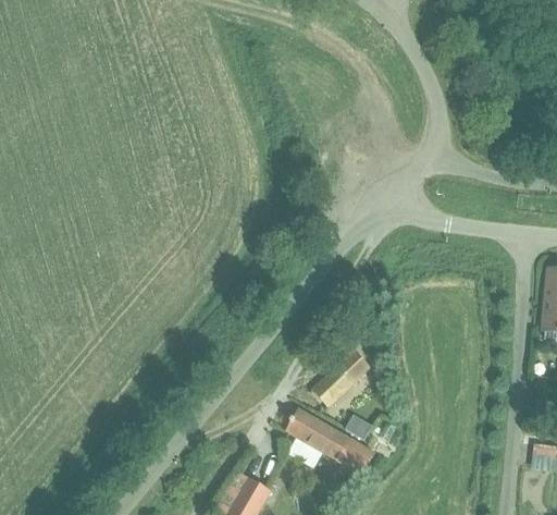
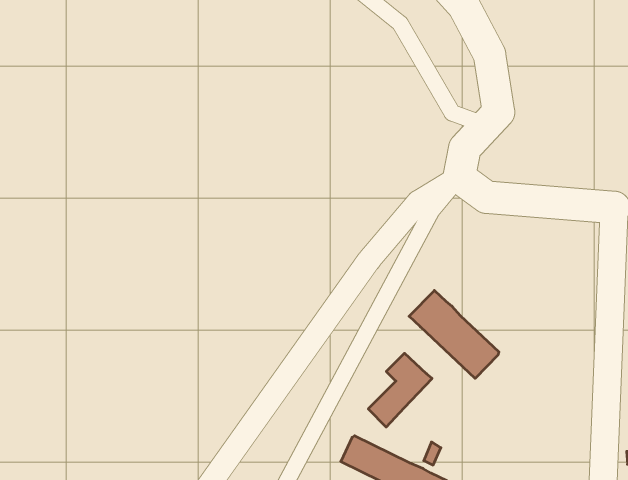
building: none -> [409,290,499,378]

